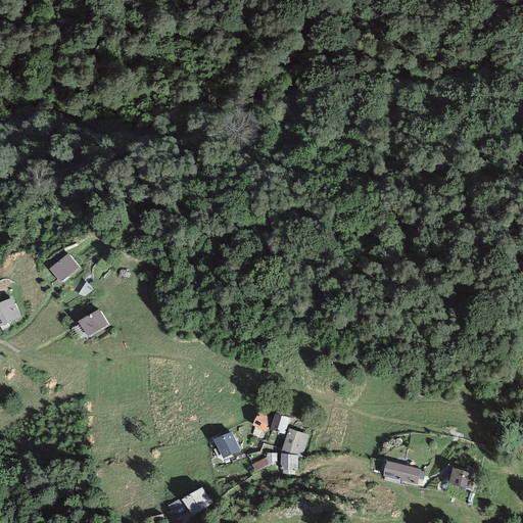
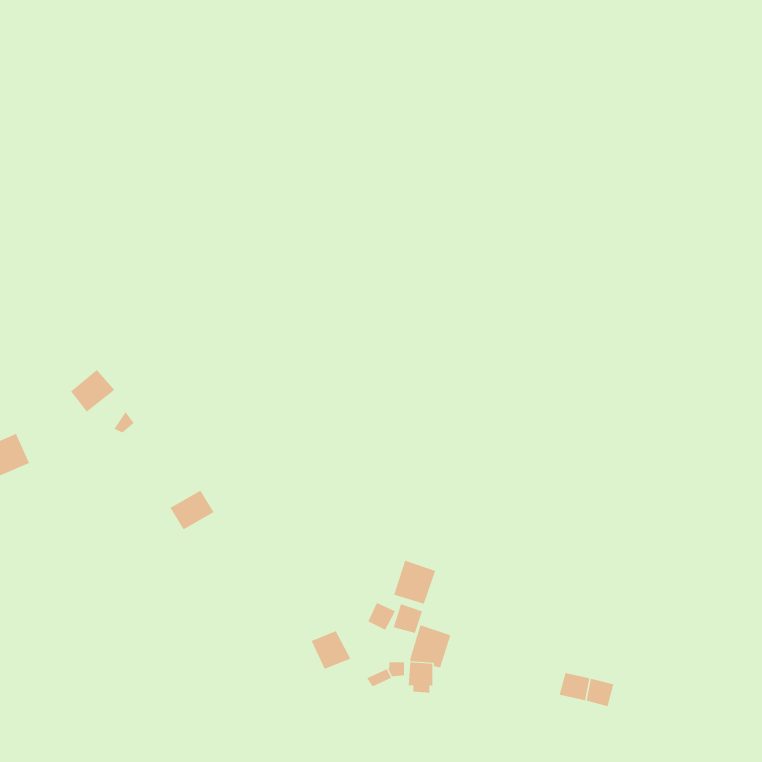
building: [77,308,107,336] -> [170,490,214,530]
building: none -> [394,560,436,605]
building: [447,467,474,488] -> none
building: [181,486,211,515] -> none

